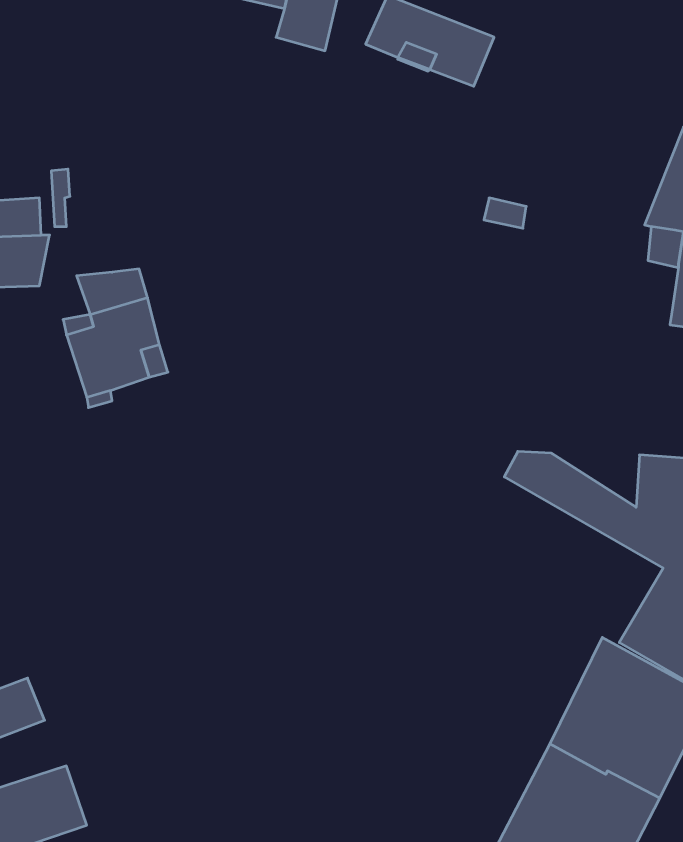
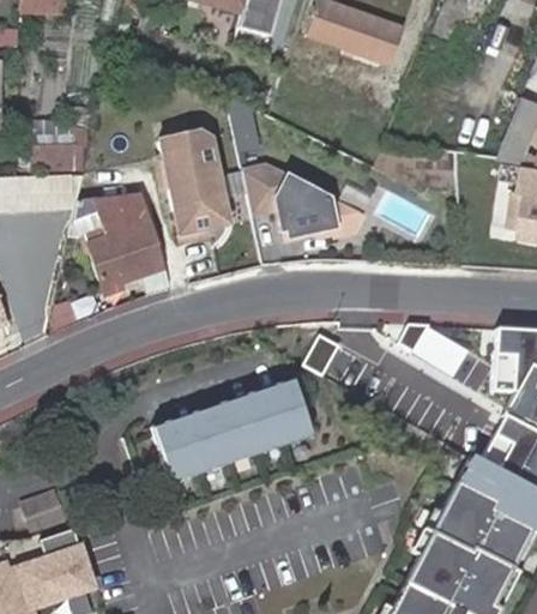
building: none -> [157,130,235,237]
building: none -> [245,162,367,241]
building: none -> [150,381,310,483]

